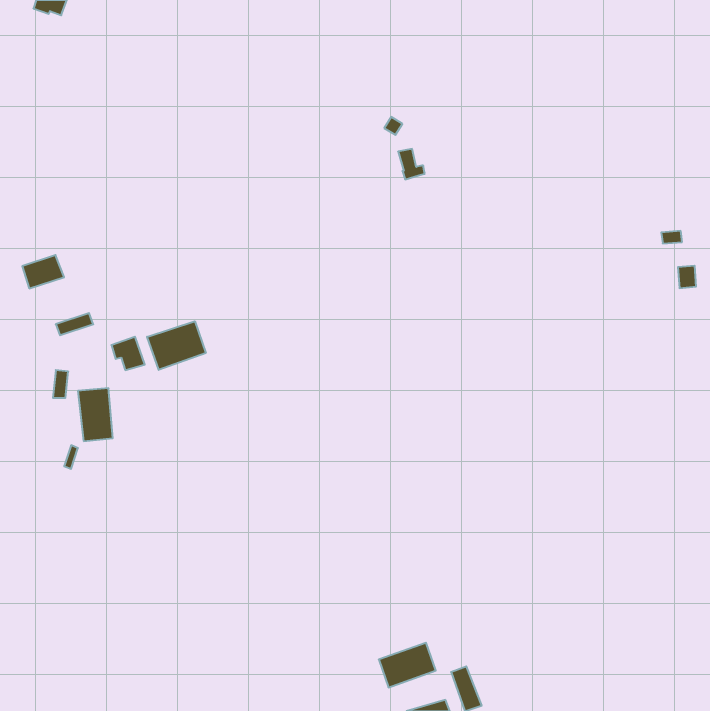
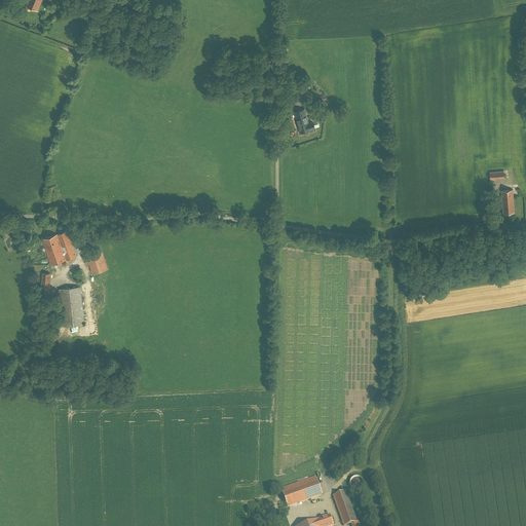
building: [22,255,64,288] -> [44,239,75,264]
building: [147,321,206,370] -> none

